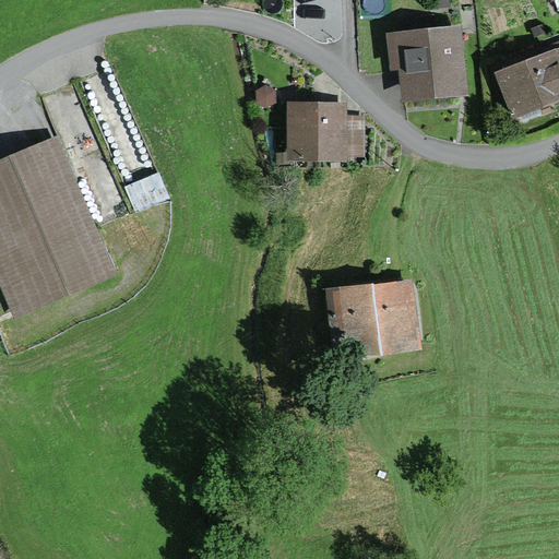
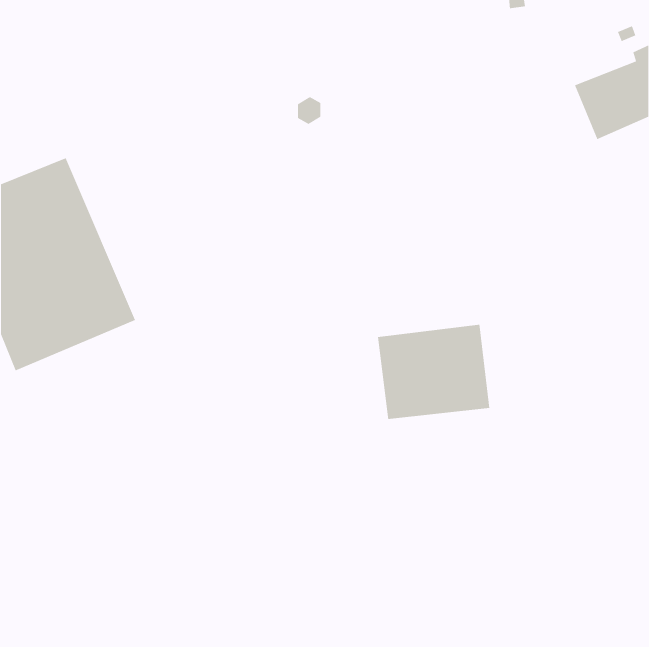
building: [385,12,469,103] -> none
building: [286,100,365,162] -> none

